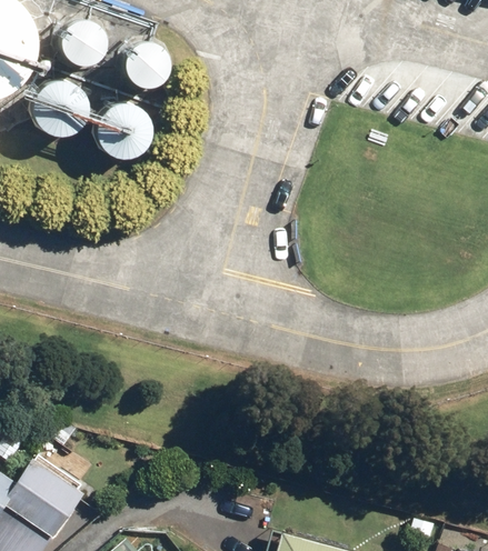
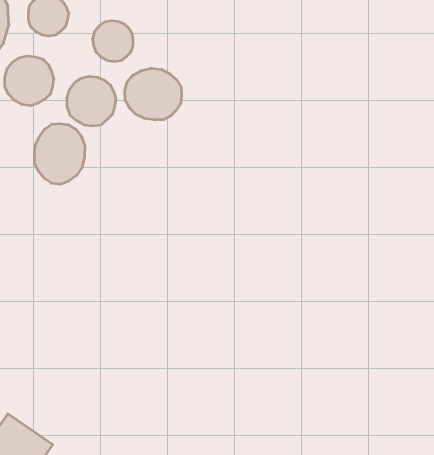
building: none -> [125,68,182,120]
building: none -> [35,124,85,184]

